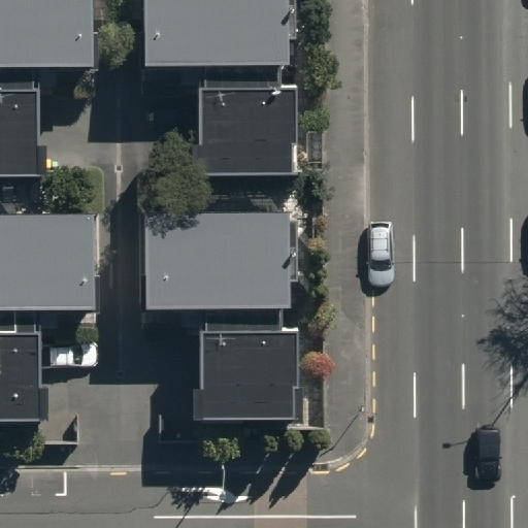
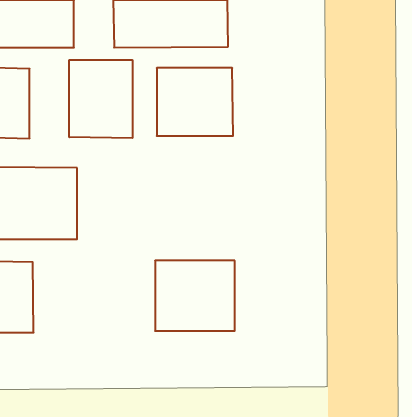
building: none -> [69,60,132,138]
building: [150,216,286,305] -> none

